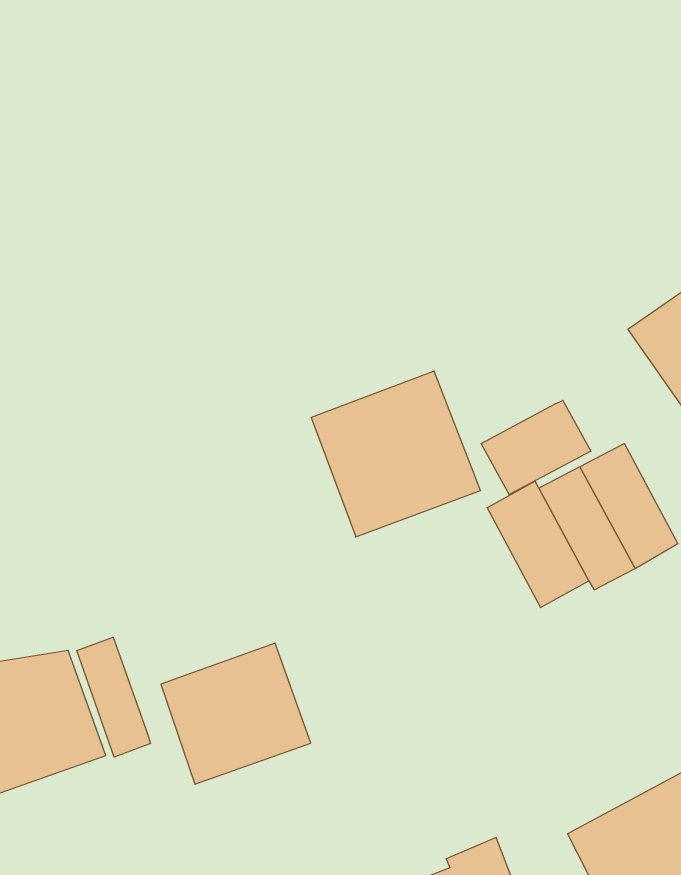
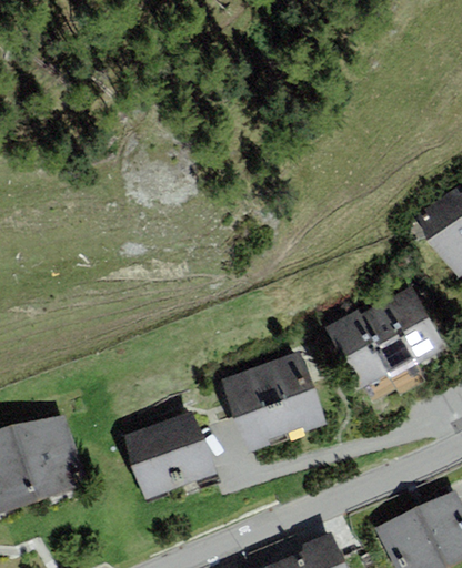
building: [311,371,481,537] -> [222,351,328,454]
building: [481,400,591,495] -> none
building: [77,637,150,757] -> none

